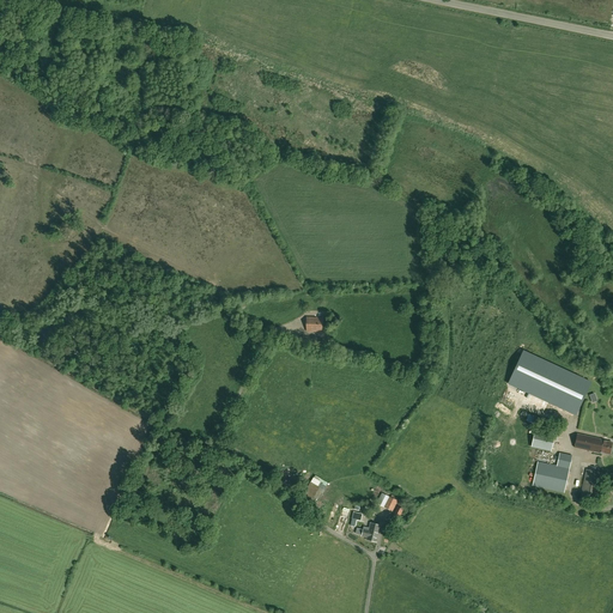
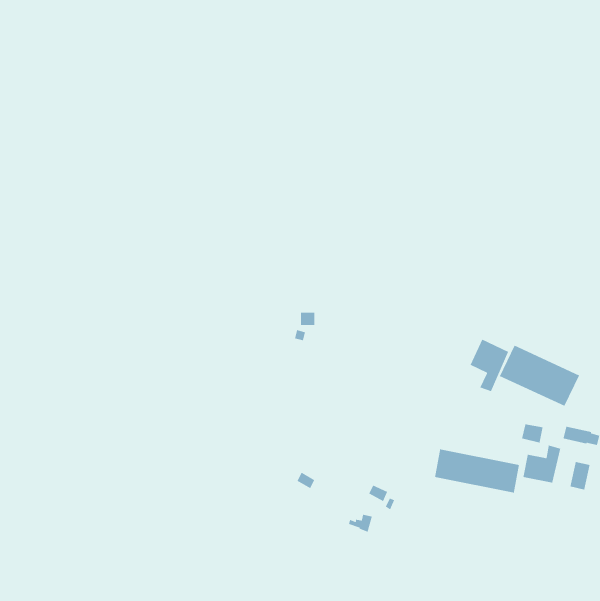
building: none -> [469,338,509,392]
building: none -> [434,448,520,494]

